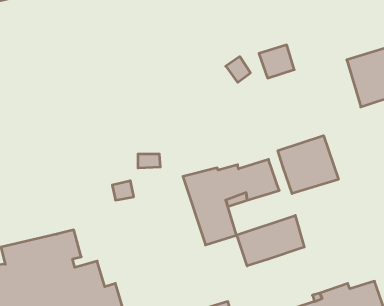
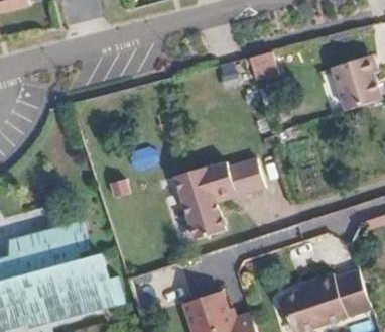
building: [278,136,338,194] -> none
building: [237,215,304,266] -> none

